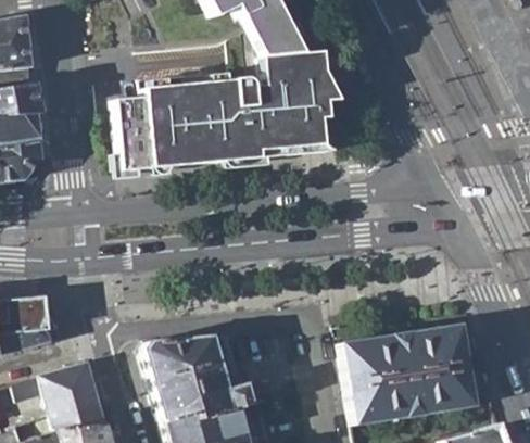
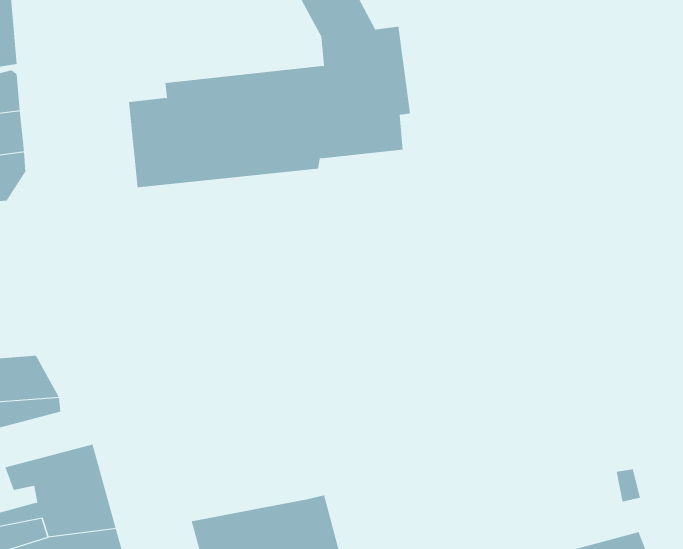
building: [341,322,471,425] -> none
building: [141,336,247,420] -> none

